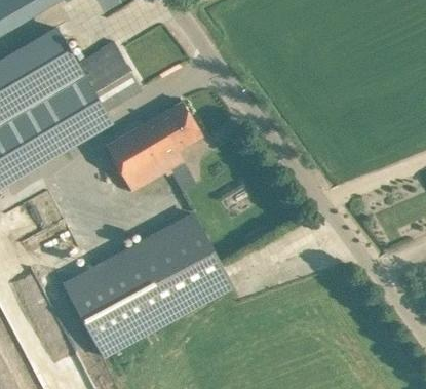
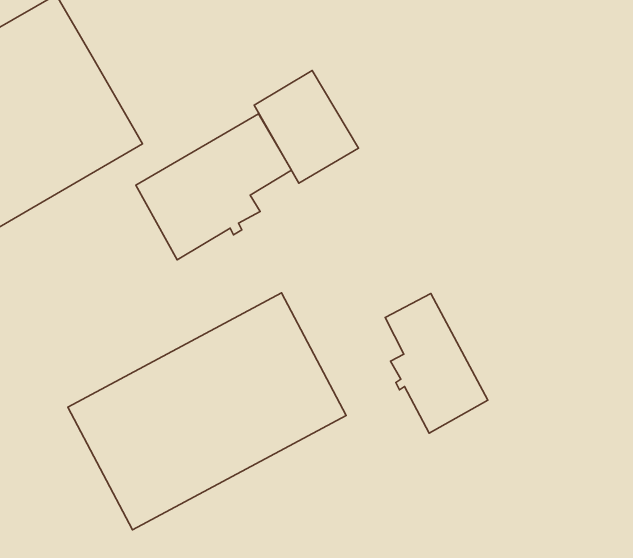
building: [78,43,143,113] -> [254,70,359,183]
building: none -> [385,294,488,433]

